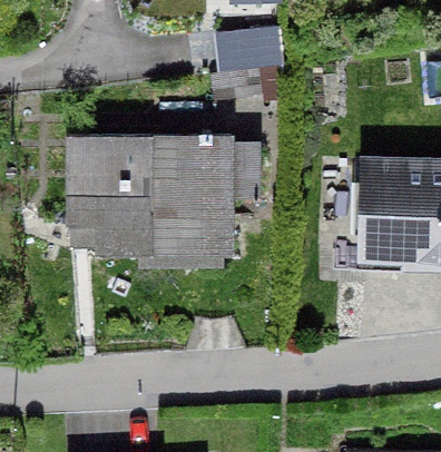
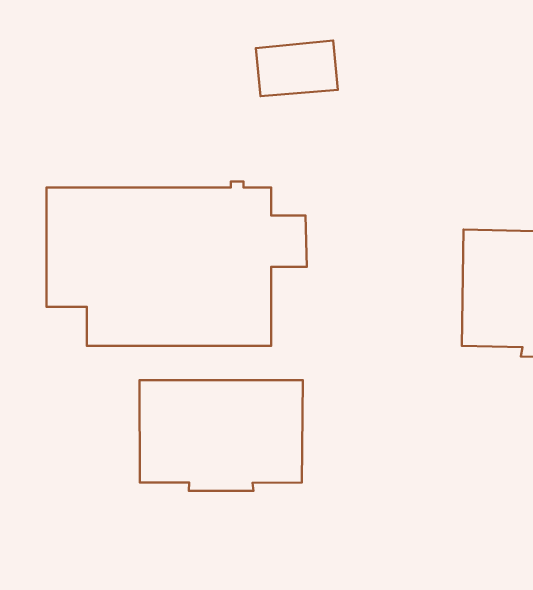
building: none -> [139,380,303,491]

